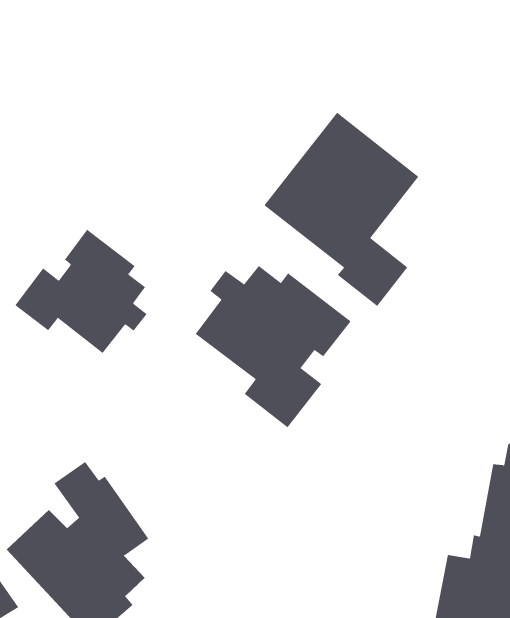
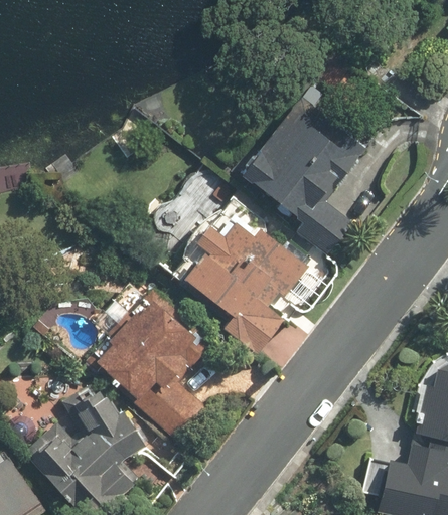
building: [14,229,147,354] -> none
building: none -> [94,288,214,440]

